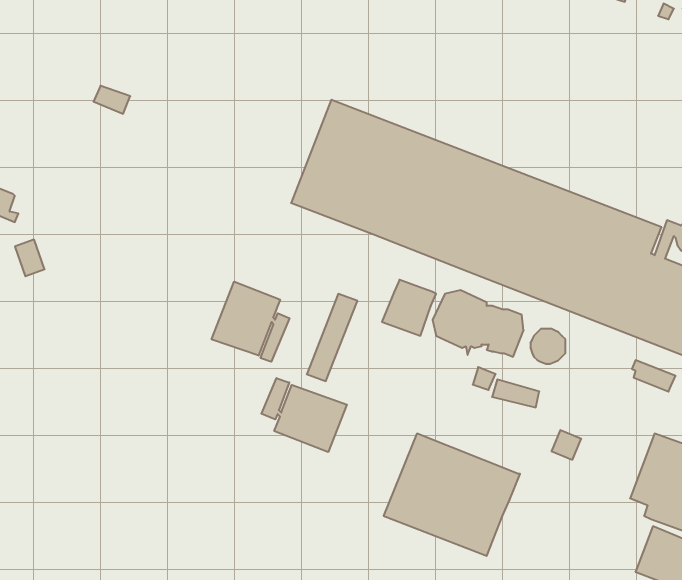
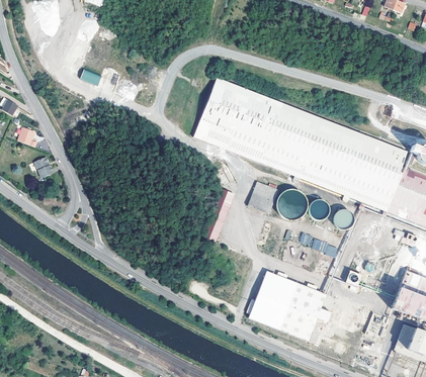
building: [212,282,289,362] -> none
building: [261,378,347,452] -> none

